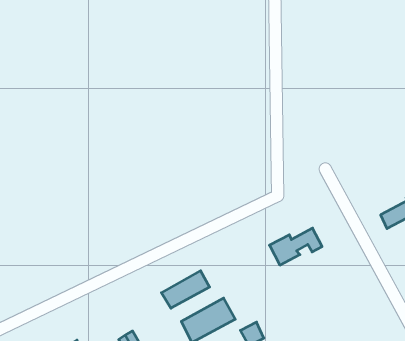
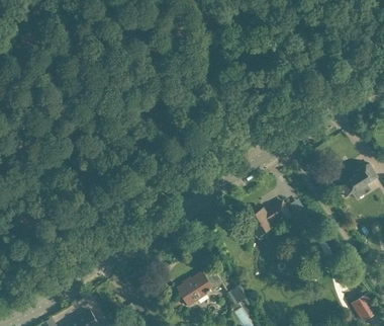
building: [161,271,210,308] -> none

